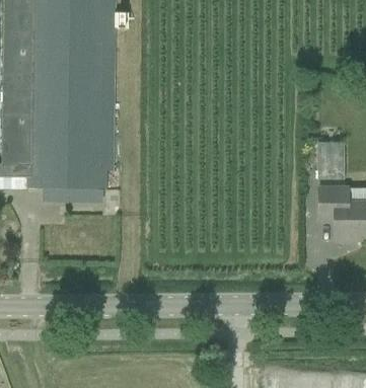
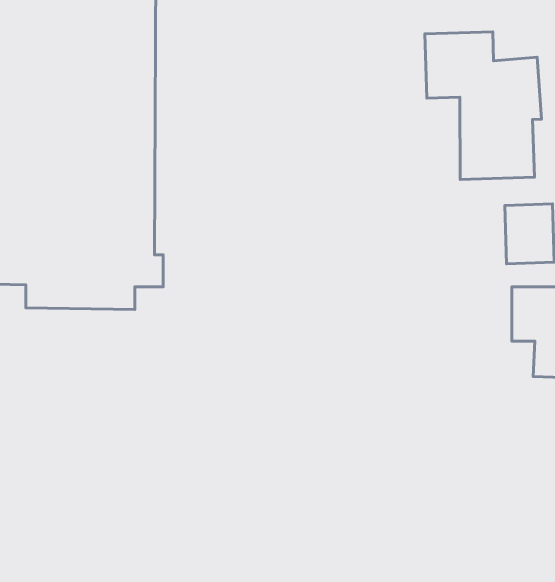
building: none -> [425,32,541,179]

